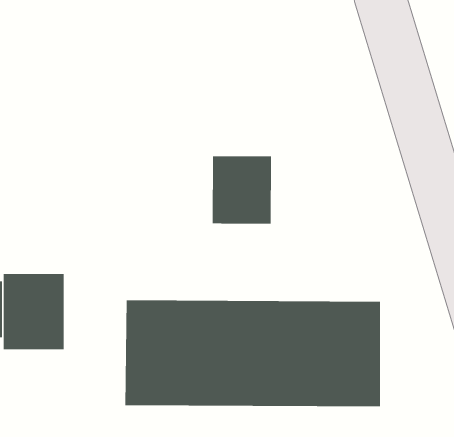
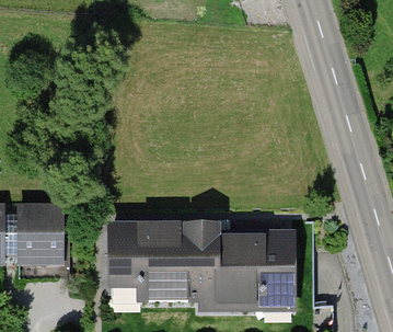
building: [212,155,271,225] -> none

